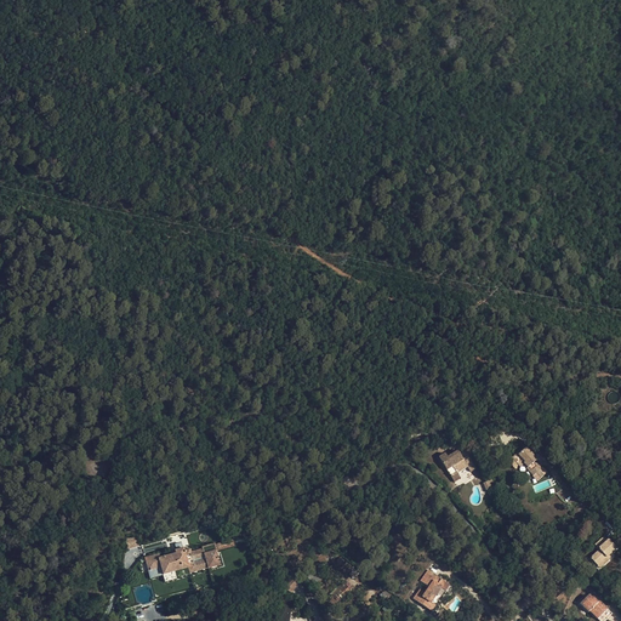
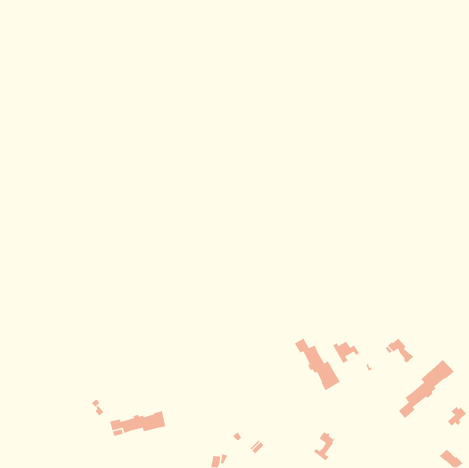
building: none -> [294,338,341,392]
building: none -> [398,359,455,419]

